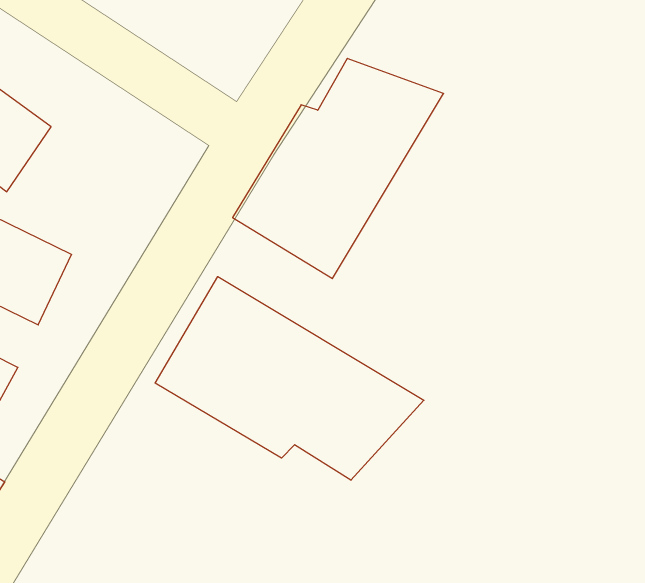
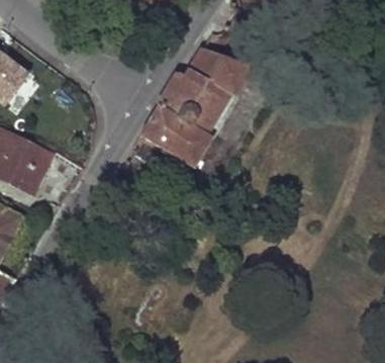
building: [155,277,424,480] -> none

